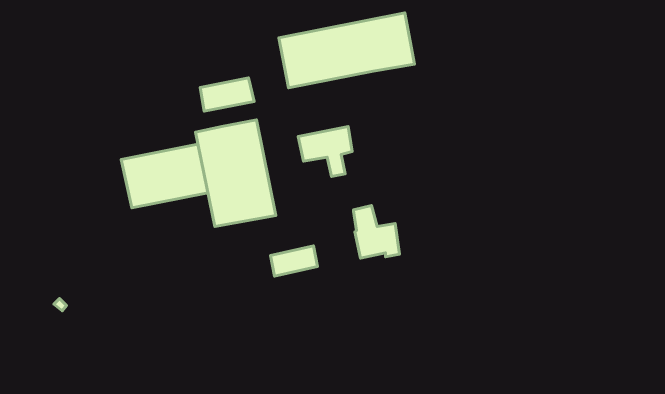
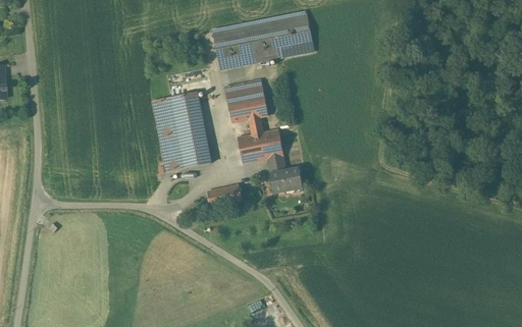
building: [200,78,254,111] -> [224,79,264,104]
building: [121,144,208,208] -> none
building: none -> [237,128,282,163]

